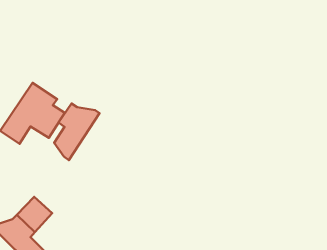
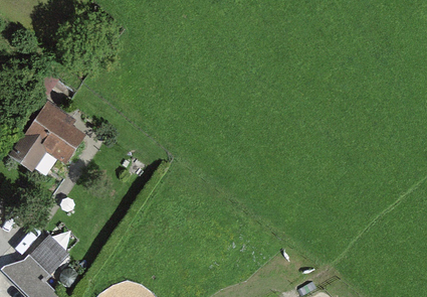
building: [54,104,100,160] -> none

